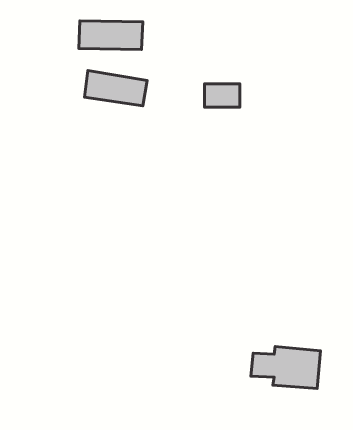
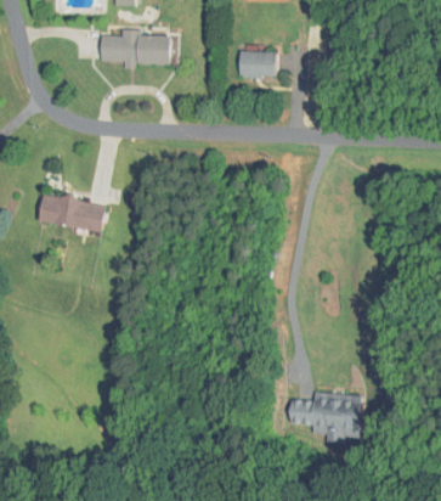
building: [84,71,147,106] -> [35,192,104,231]
building: [204,84,240,107] -> [239,51,278,77]

